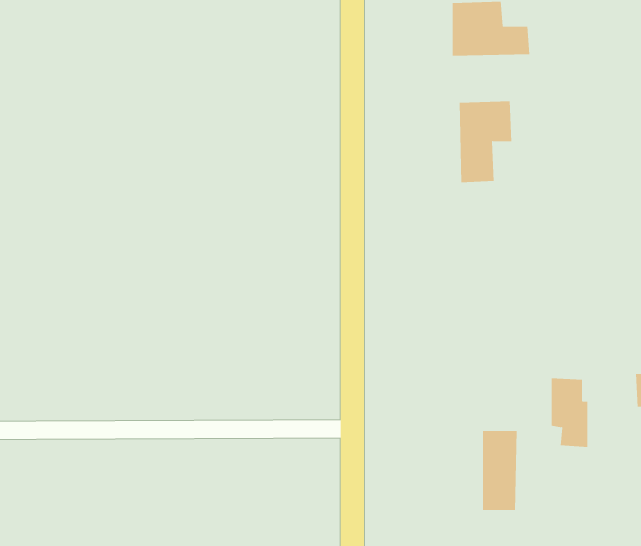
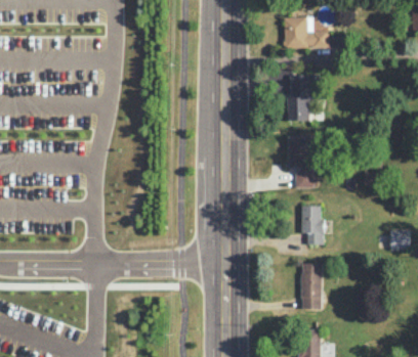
building: none -> [287,135,314,187]
building: [551,378,588,447] -> [301,205,323,244]

